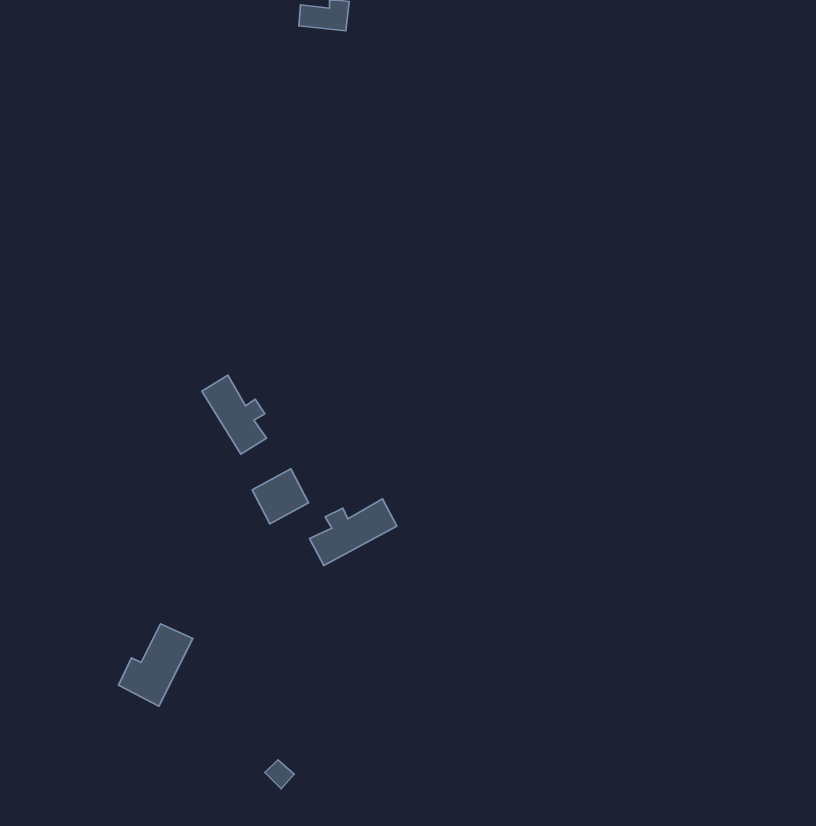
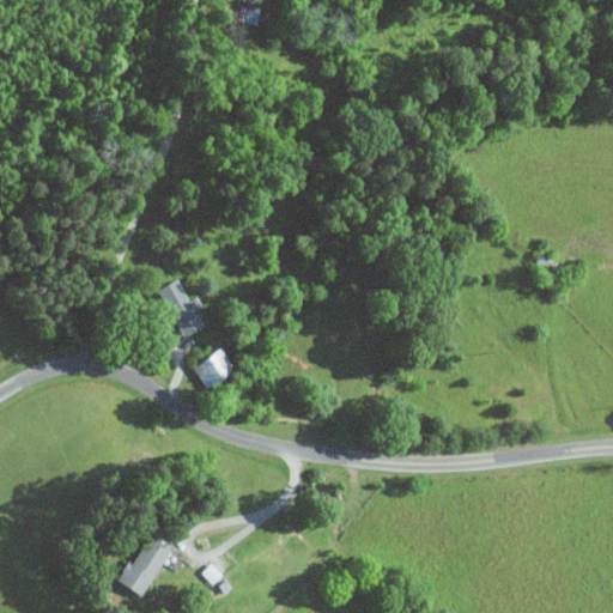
building: [309,499,397,566] -> none
building: [118,624,193,706] -> [115,536,170,597]

